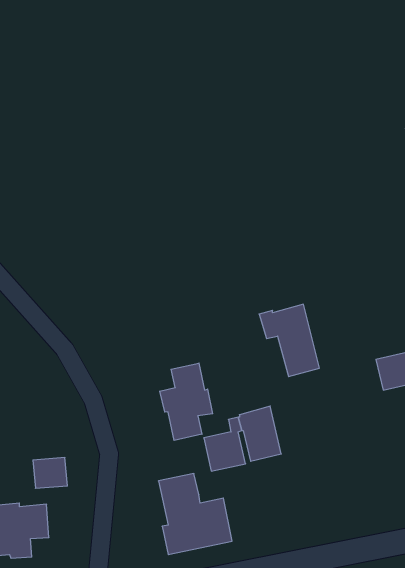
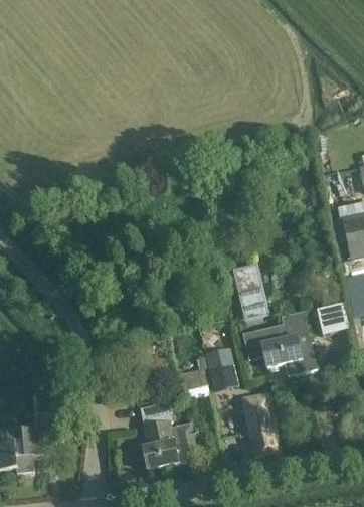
building: none -> [241,311,317,375]
building: [160,363,213,440] -> none
building: none -> [240,390,281,455]

